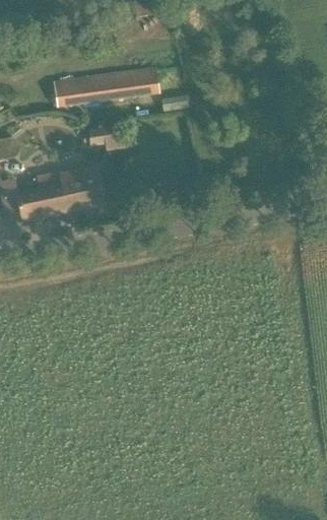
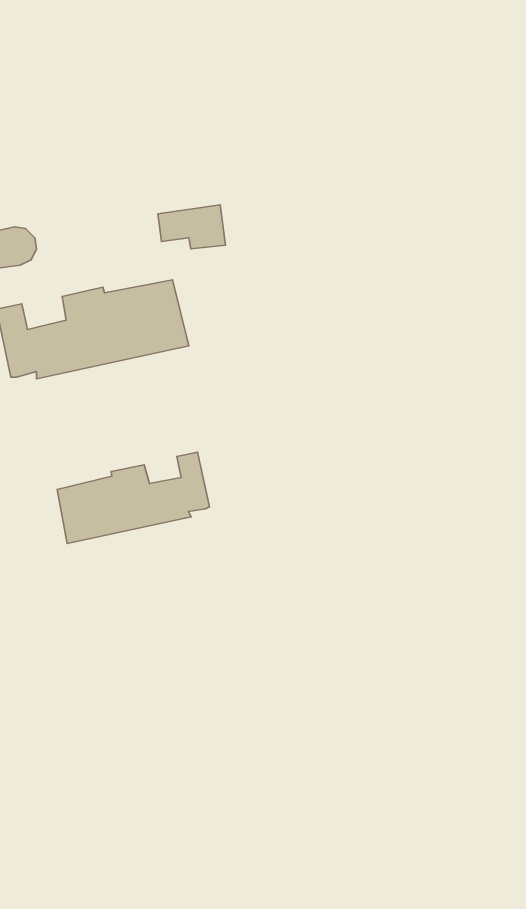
building: [54,67,159,107] -> none
building: none -> [57,452,209,544]

